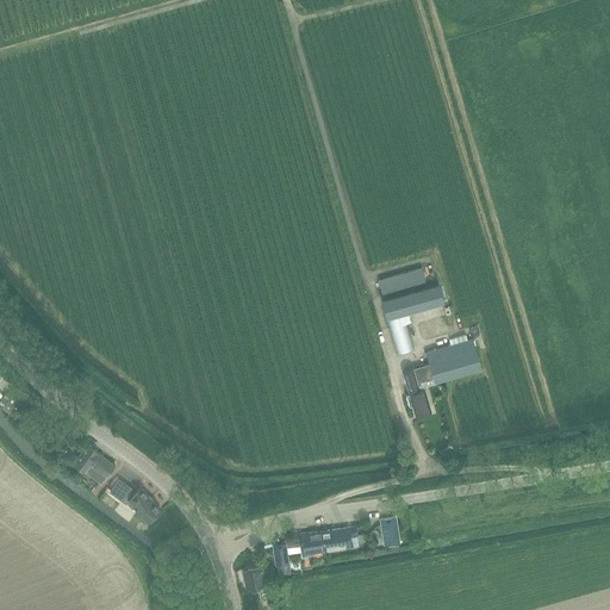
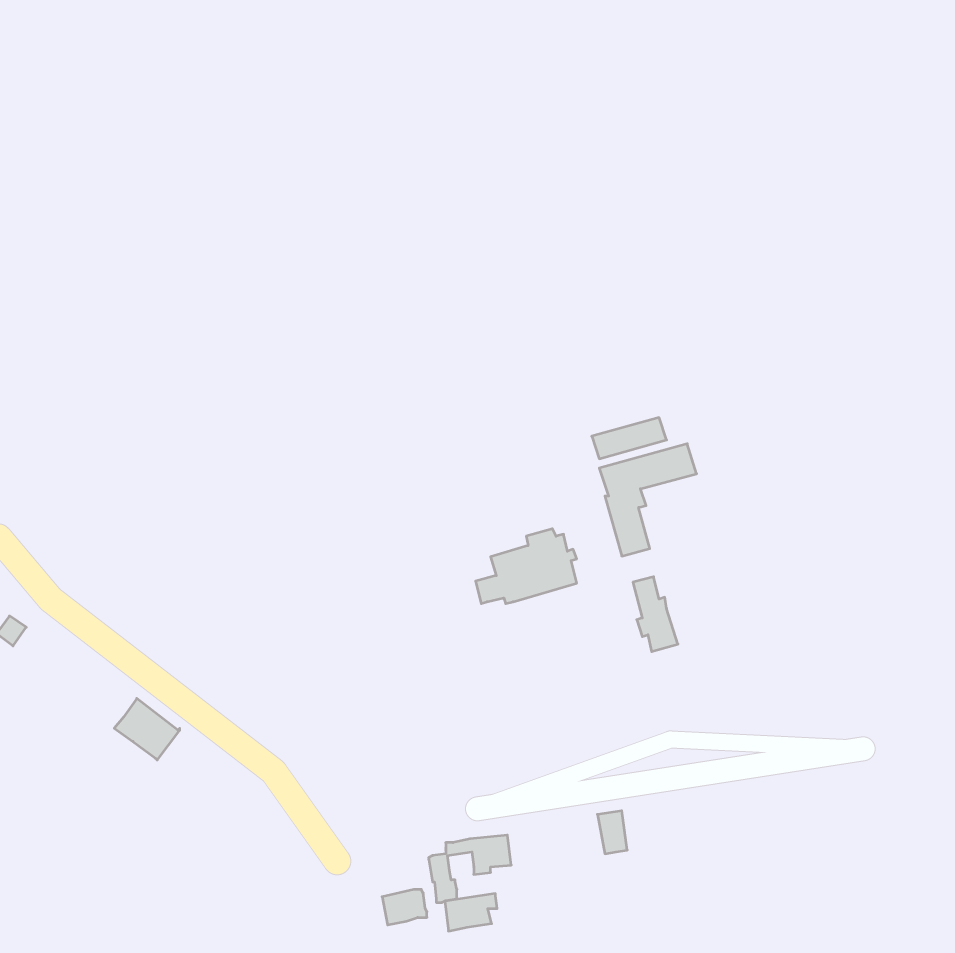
building: [416,336,480,384] -> [476,529,577,604]
building: [110,480,160,523] -> none
building: [323,529,356,553] -> [445,894,497,931]

